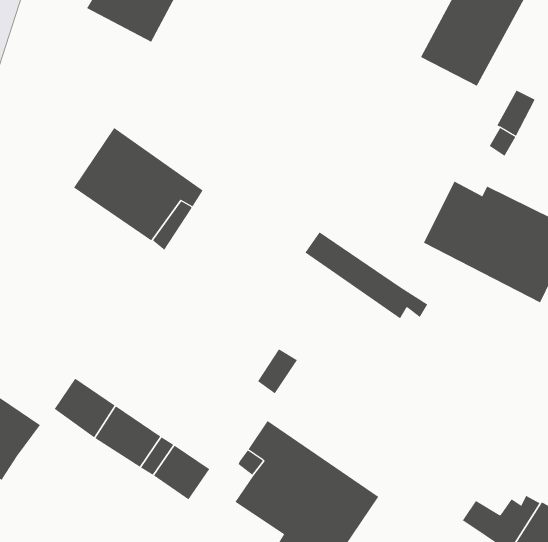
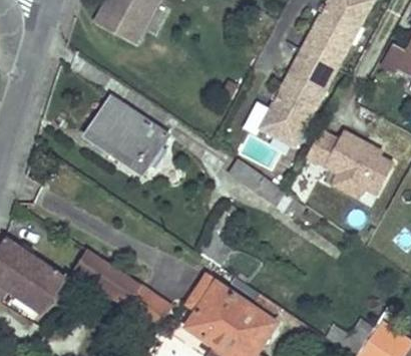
building: none -> [259,51,335,148]

